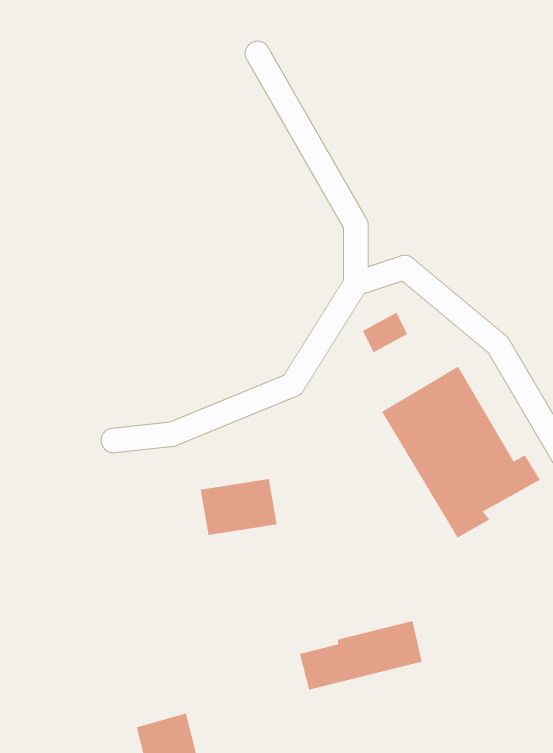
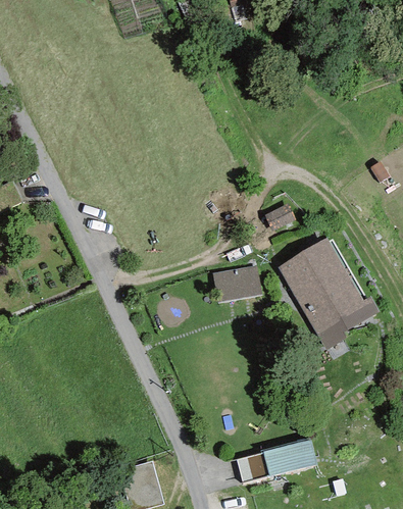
building: [200,478,277,535] -> [212,265,262,302]
building: [299,621,423,690] -> [237,438,316,482]

